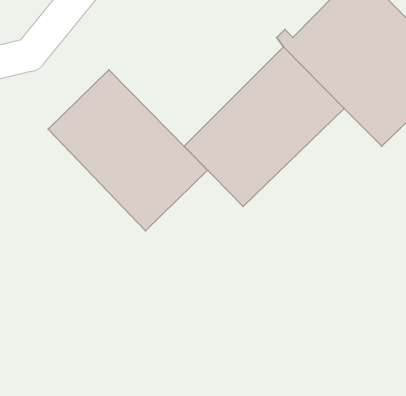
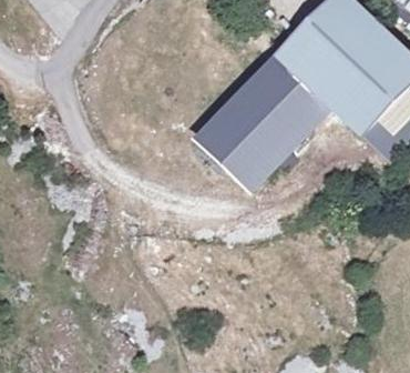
building: [48,70,208,231] -> none

